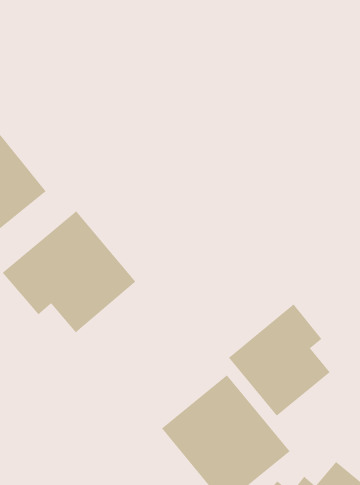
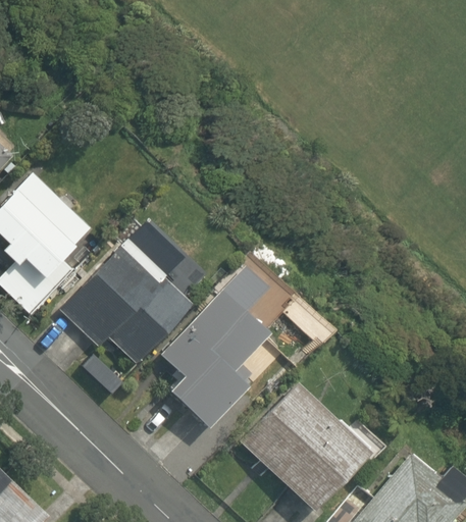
building: none -> [159,272,270,427]
building: [228,303,331,416] -> none

